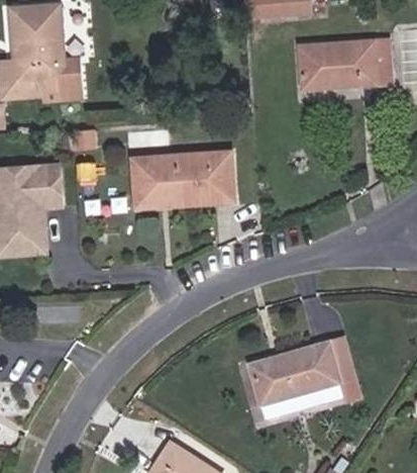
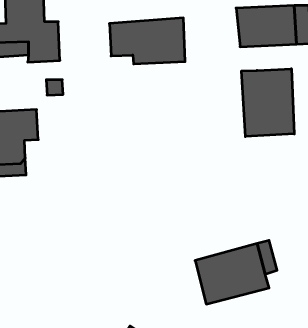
building: none -> [242,69,294,137]
building: [138,154,233,211] -> [109,18,185,64]

